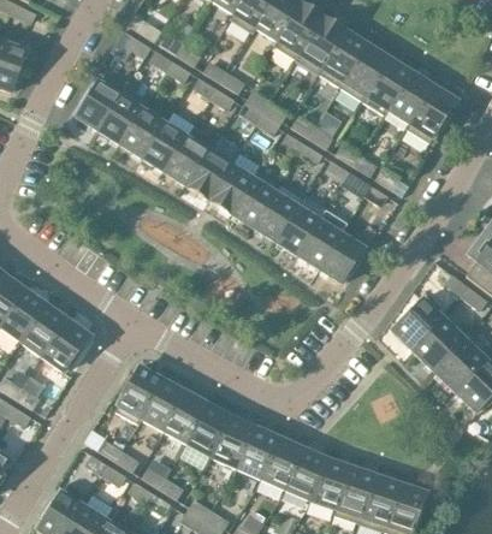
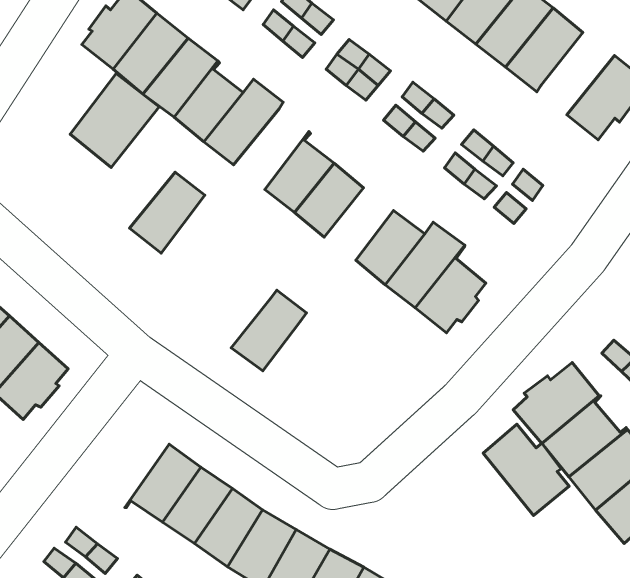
building: [387,72,434,129] -> none
building: none -> [70,74,159,167]
building: [186,146,235,201] -> [130,172,205,253]
building: [253,186,301,242] -> [231,290,307,371]
building: none -> [483,424,569,516]
building: [115,366,164,425] -> none

